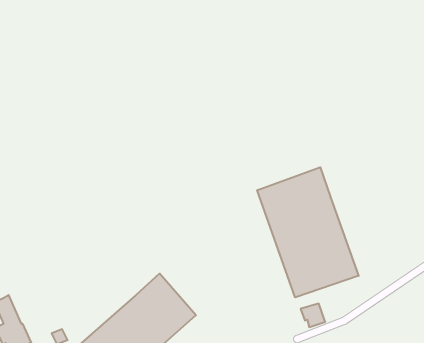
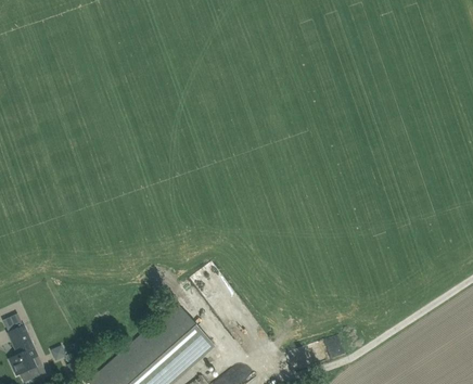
building: [257,167,359,297] -> none

